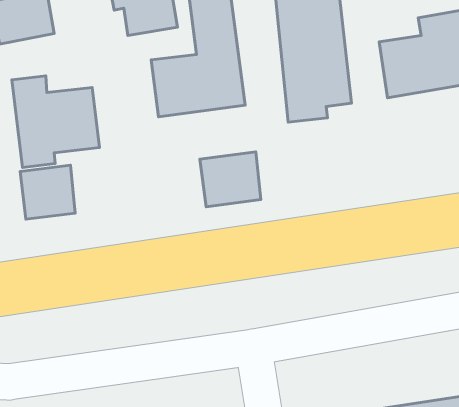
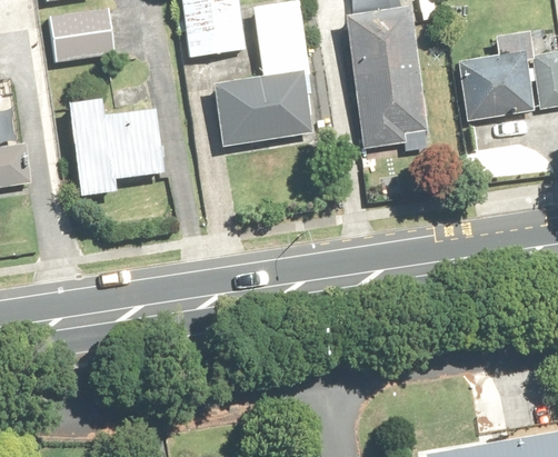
building: [200,152,261,207] -> none
building: [20,165,75,219] -> none

